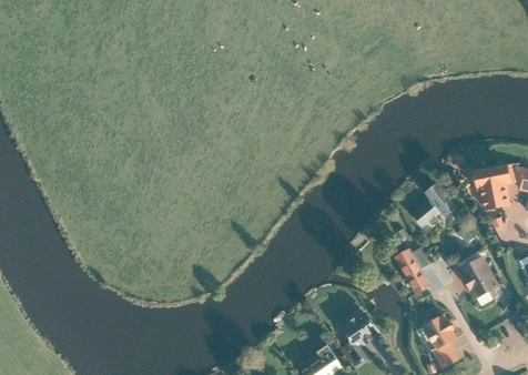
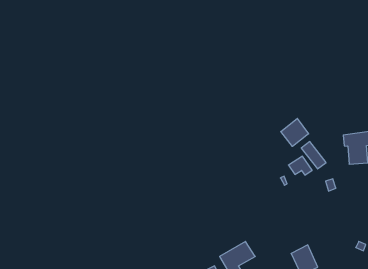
building: none -> [281,118,309,146]
building: [389,247,426,294] -> none
building: [460,256,496,296] -> none

